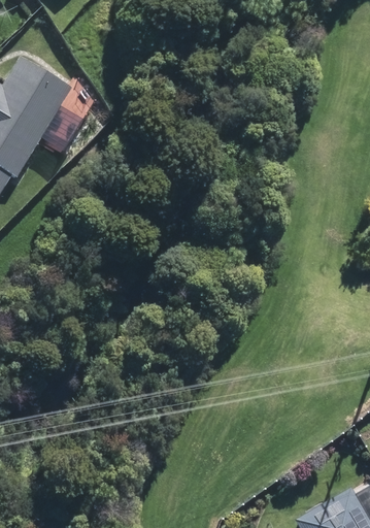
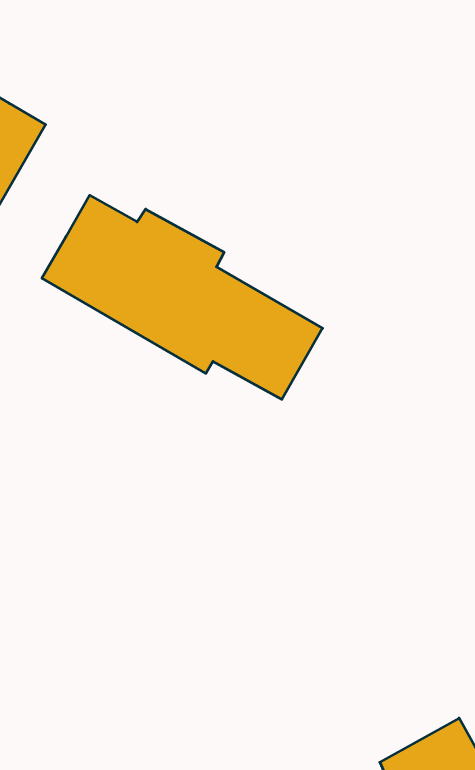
building: none -> [42,195,323,399]

